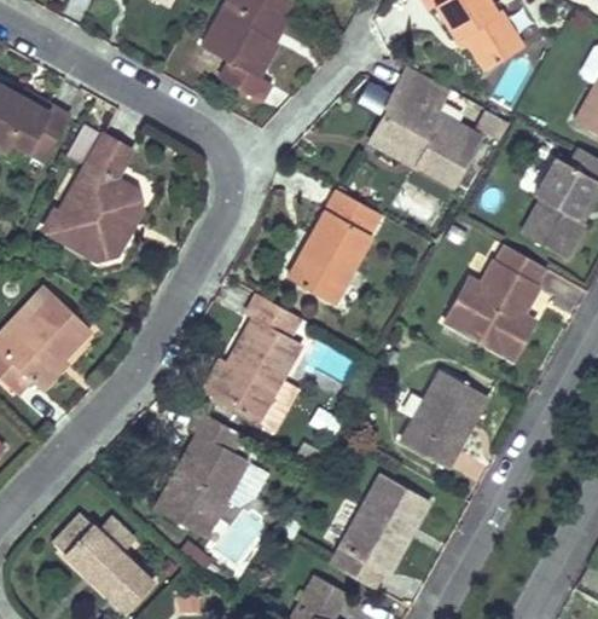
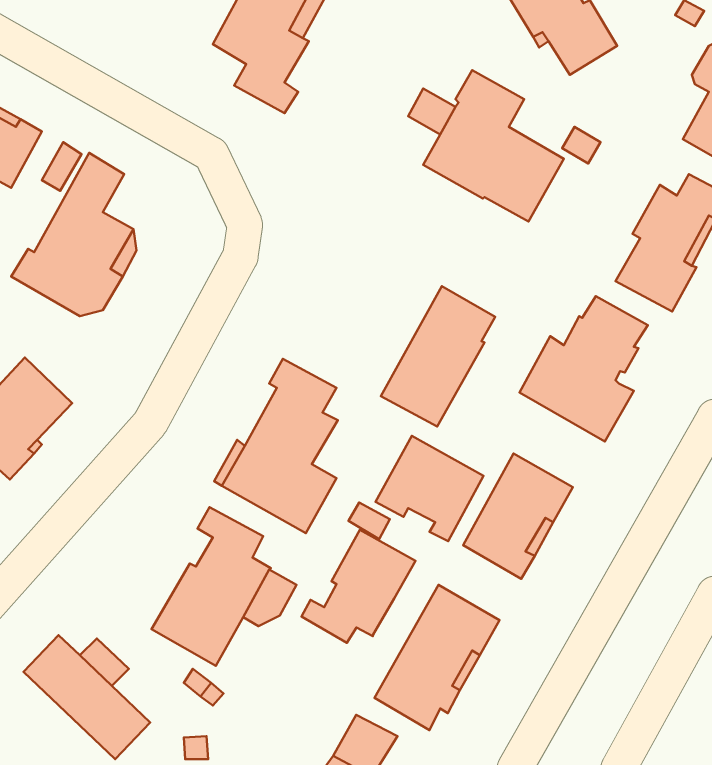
building: [289,190,379,301] -> [381,286,495,427]
building: none -> [376,436,483,541]
building: none -> [301,530,415,643]

